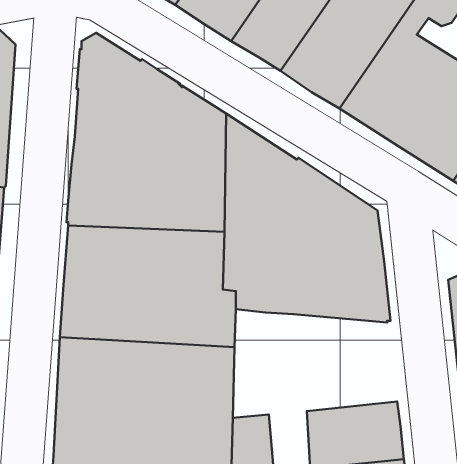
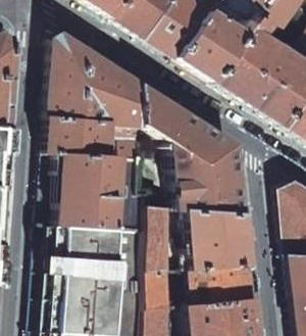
building: none -> [149,206,171,274]
building: none -> [185,209,251,270]

